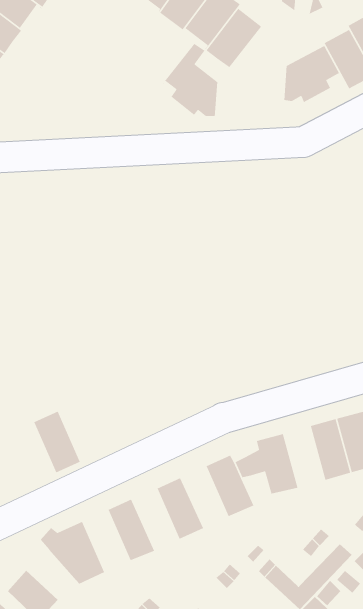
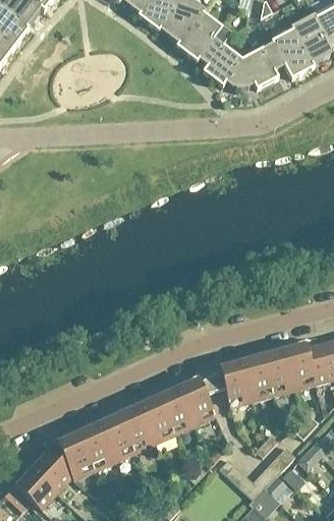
building: [162,43,218,117] -> [196,27,241,88]
building: [33,411,81,473] -> [76,419,115,470]
building: none -> [239,351,273,402]
building: none -> [156,384,194,435]
building: none -> [116,402,155,453]
building: none -> [31,452,71,493]

